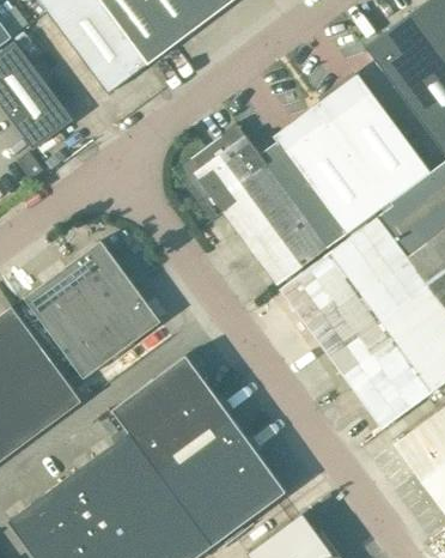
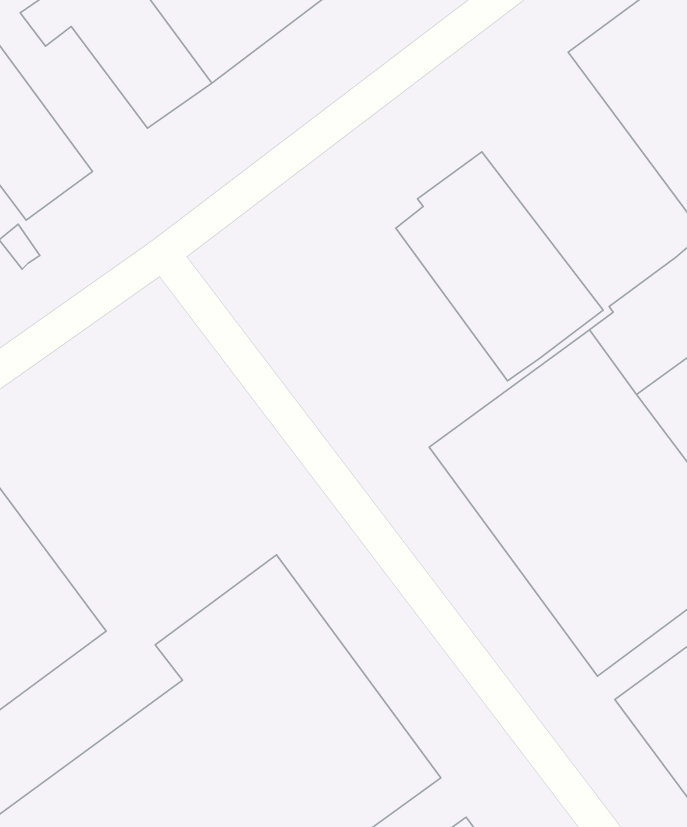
building: [312,74,431,205] -> none
building: [195,135,328,285] -> none
building: [24,241,161,378] -> none

